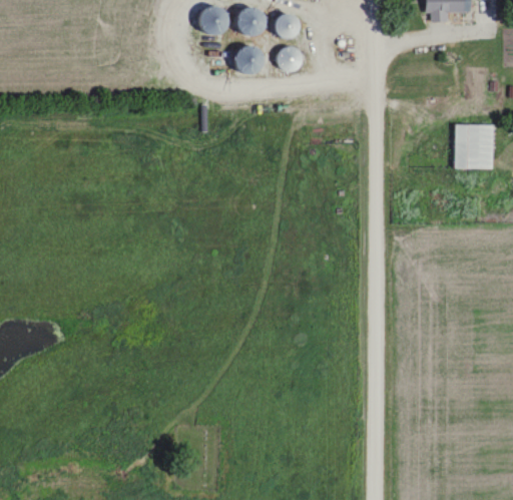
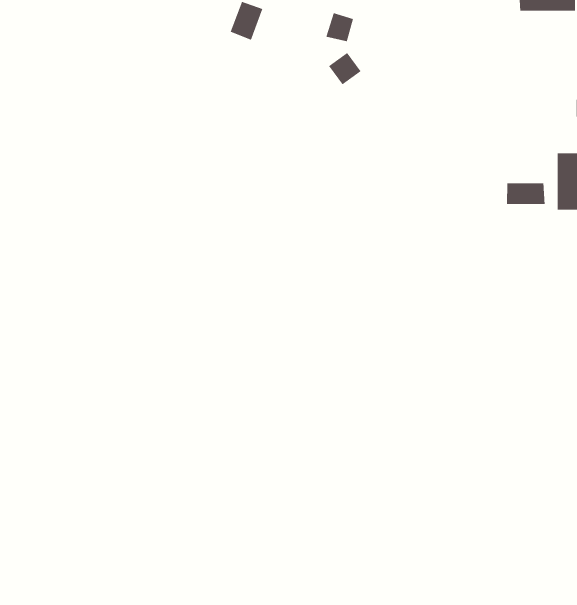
building: [236,9,262,34] -> none
building: [232,45,264,76] -> none
building: none -> [507,182,545,205]

